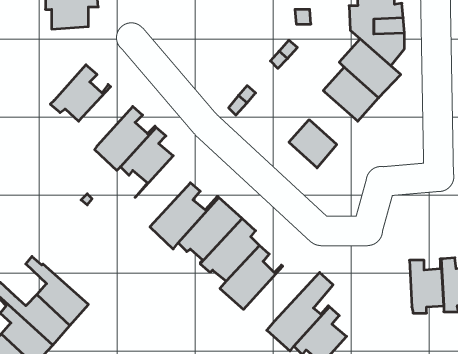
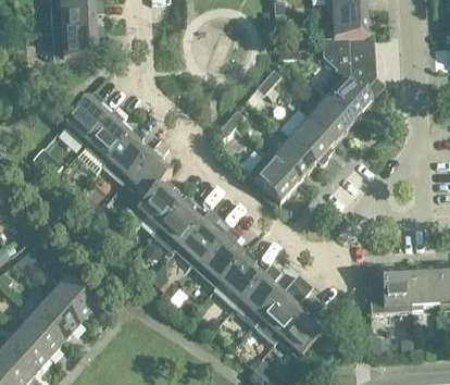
building: none -> [83,111,135,163]
building: none -> [286,115,334,162]
building: none -> [246,152,298,203]
building: none -> [128,172,186,235]
building: none -> [233,270,300,326]

